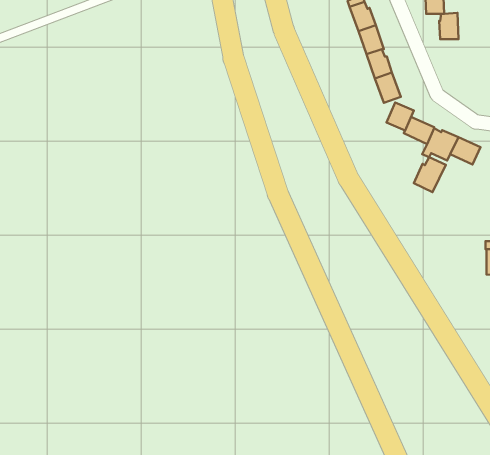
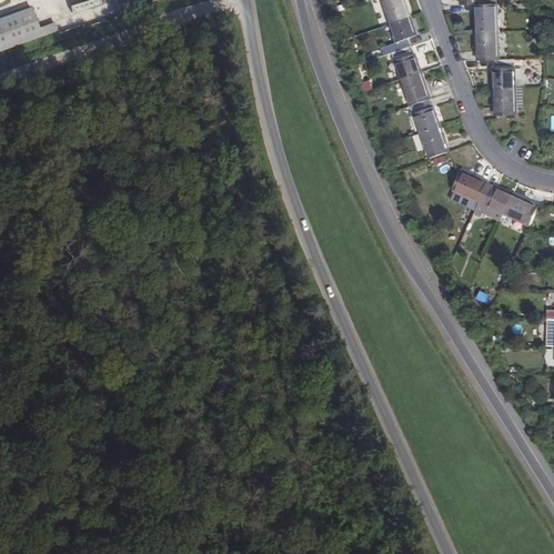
building: none -> [492,88,513,115]
building: [386,102,414,130] -> none
building: [414,157,446,192] -> none

